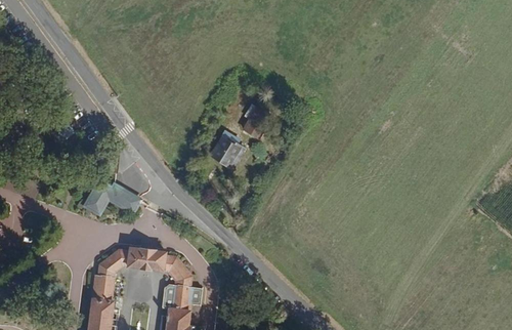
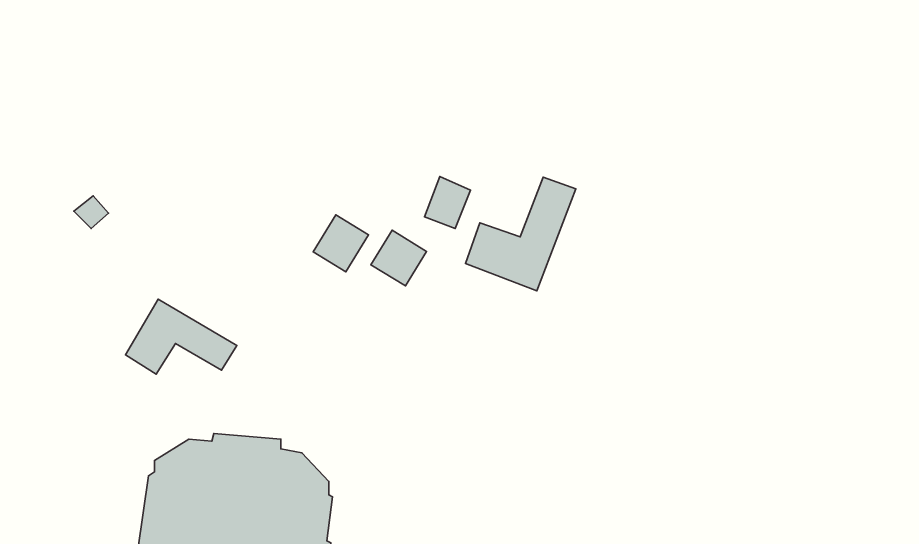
building: none -> [466,177,576,291]
building: none -> [313,215,369,272]

